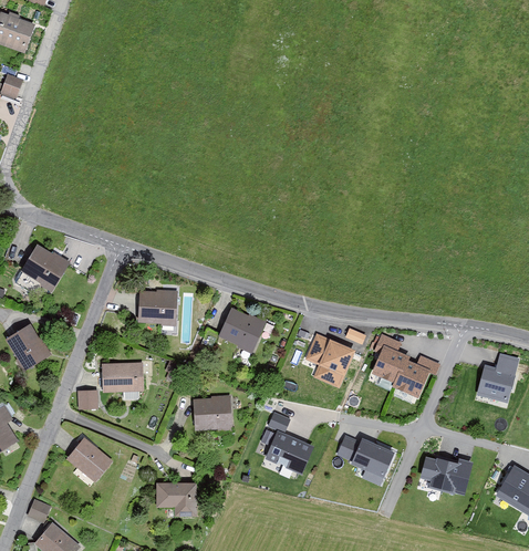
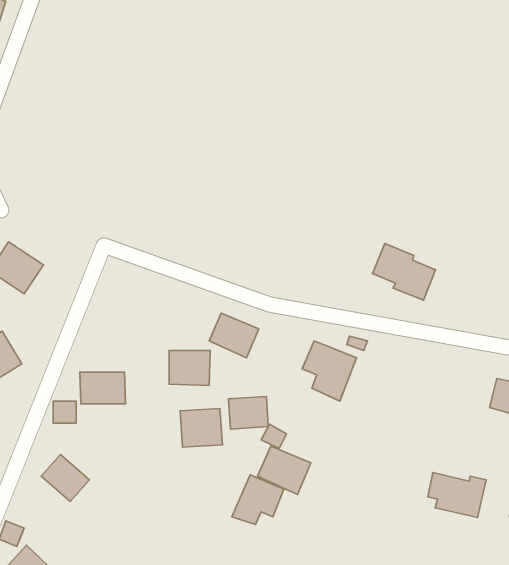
building: [139,291,177,323] -> [169,350,210,385]
building: [373,345,431,397] -> [373,243,436,300]
building: none -> [229,397,268,429]
building: [336,436,396,478] -> none
building: none -> [232,475,284,525]
building: [156,482,197,517] -> none

